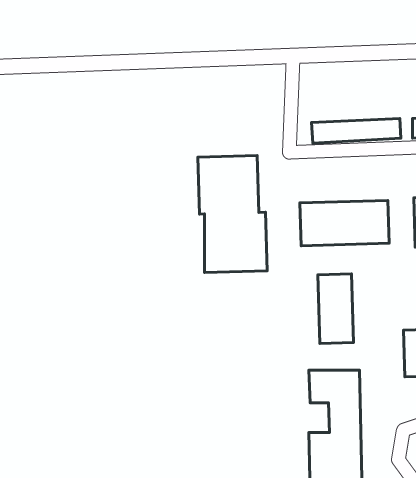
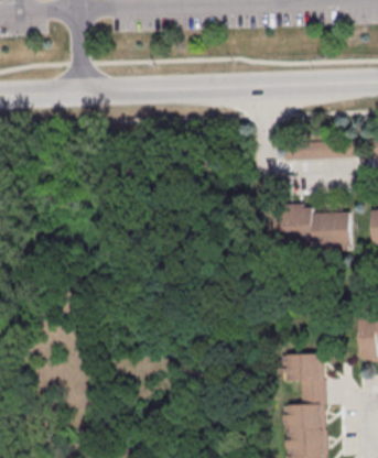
building: [198,156,267,273] -> none
building: [318,274,354,343] -> none

